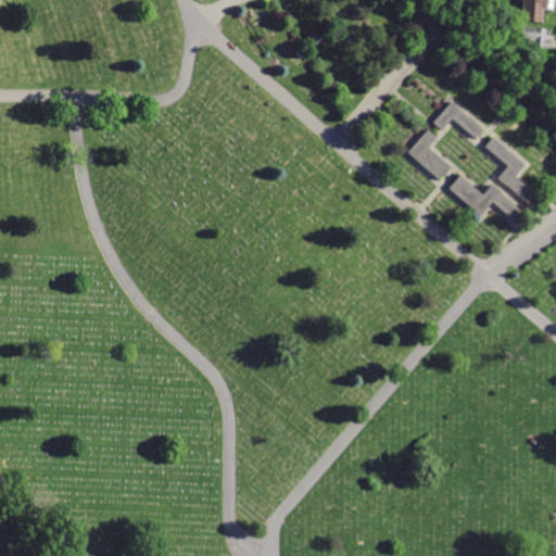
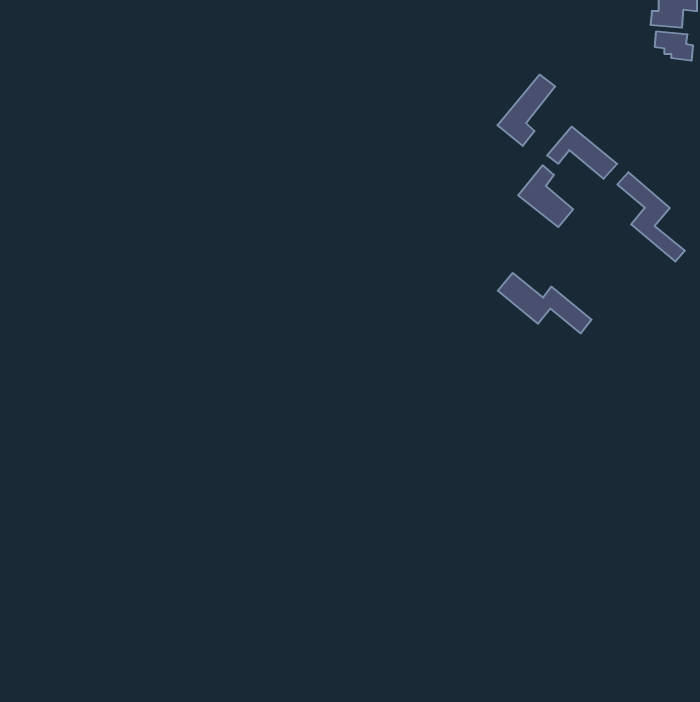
building: none -> [497,75,555,146]
building: [450,174,523,222] -> [498,273,592,333]

